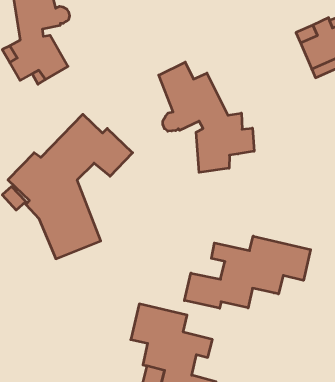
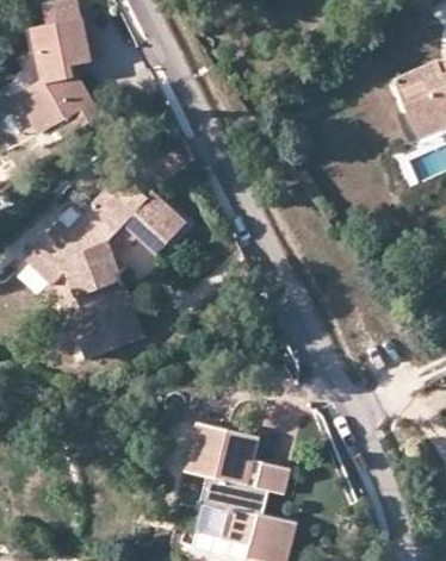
building: [159,62,254,172] -> none
building: [184,236,311,308] -> none

